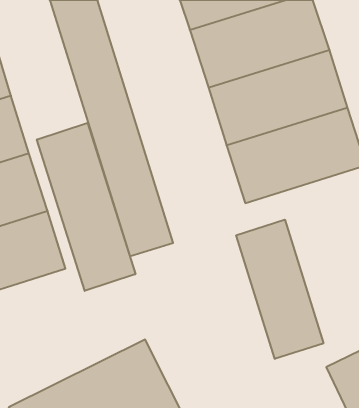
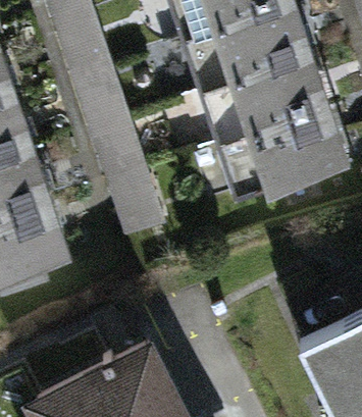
building: [37,123,135,291] -> none
building: [236,220,323,359] -> none

